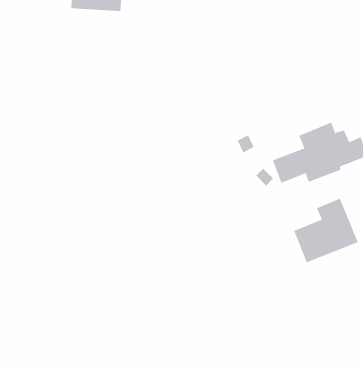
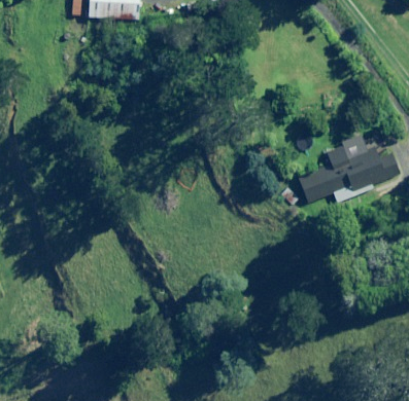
building: [293,198,358,263] -> none

